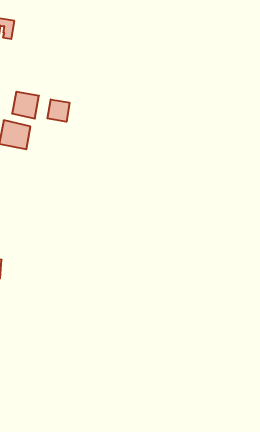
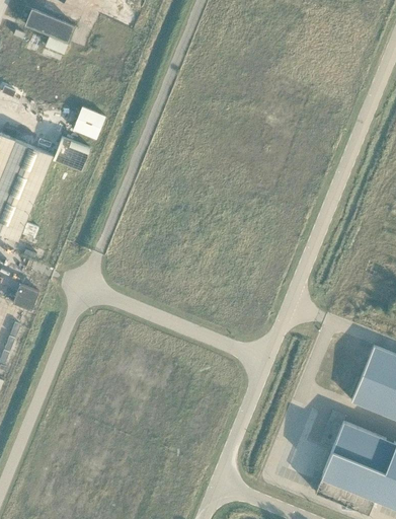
building: [47,99,69,122] -> none

